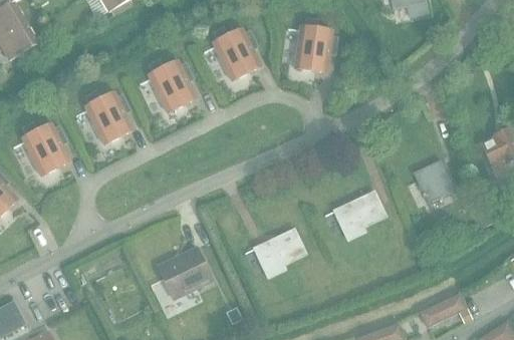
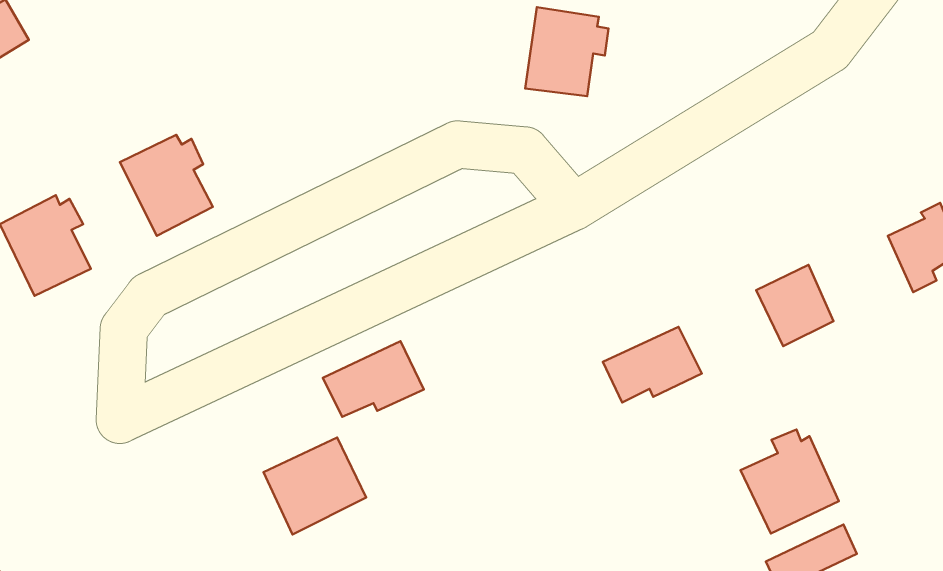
building: [213,28,260,80] -> none
building: [148,60,196,112] -> none
building: [254,229,306,268] -> [323,341,424,417]
building: none -> [741,429,839,534]

